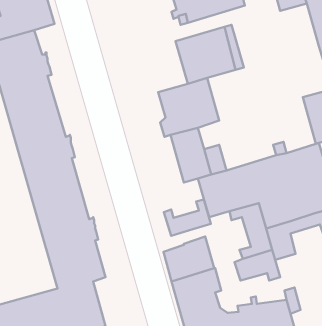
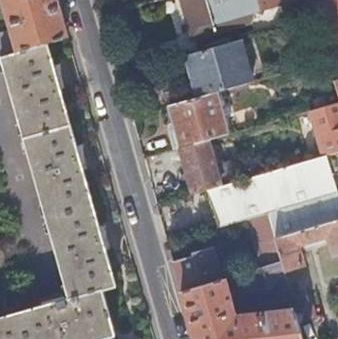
building: [164,199,211,236] -> none

